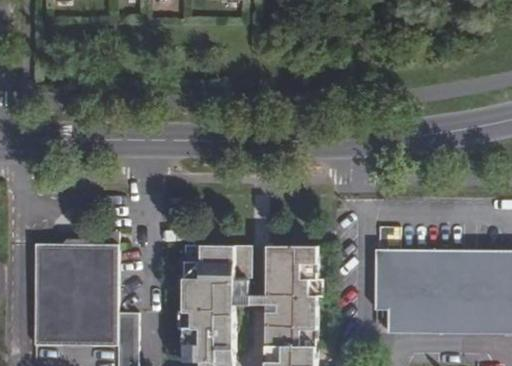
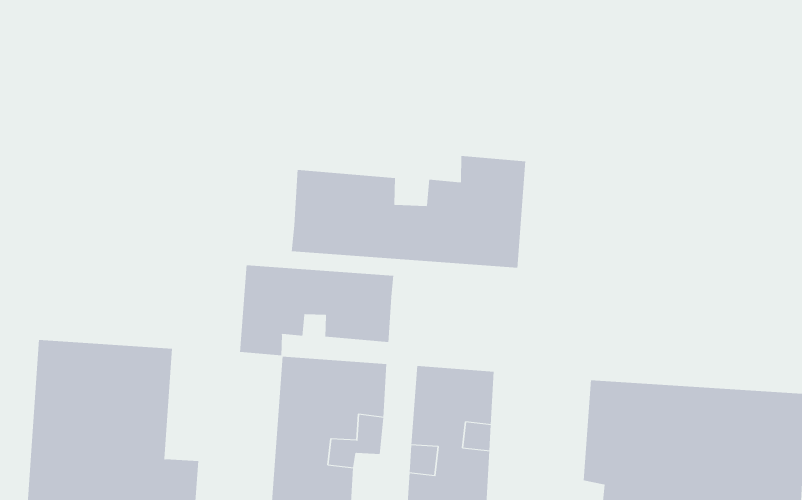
building: none -> [291,155,526,268]
building: none -> [239,265,394,356]

